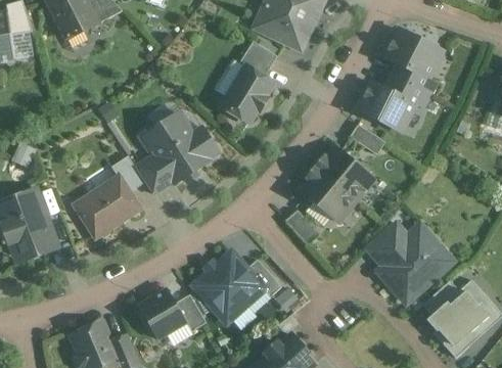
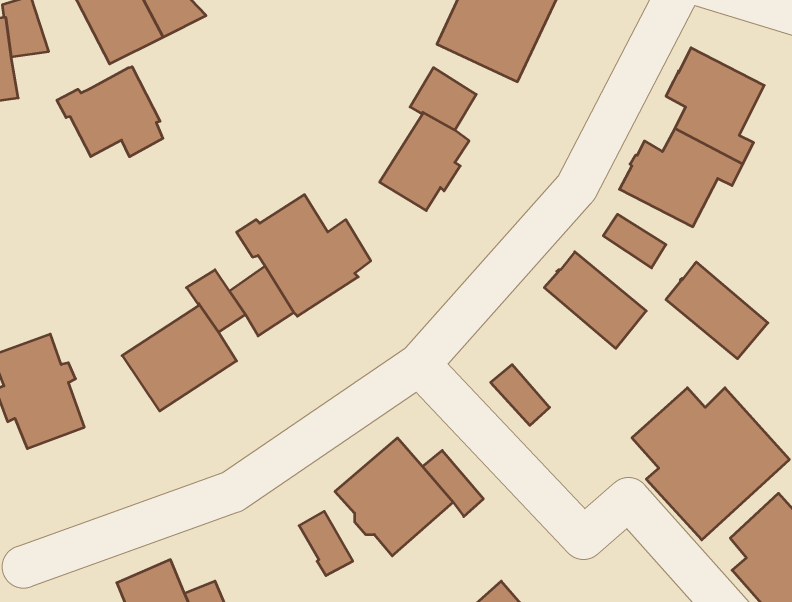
building: none -> [57,67,163,157]
building: [299,166,357,221] -> [666,262,768,359]
building: [138,287,187,338] -> none

